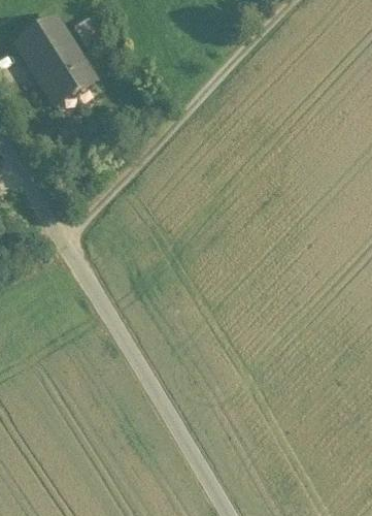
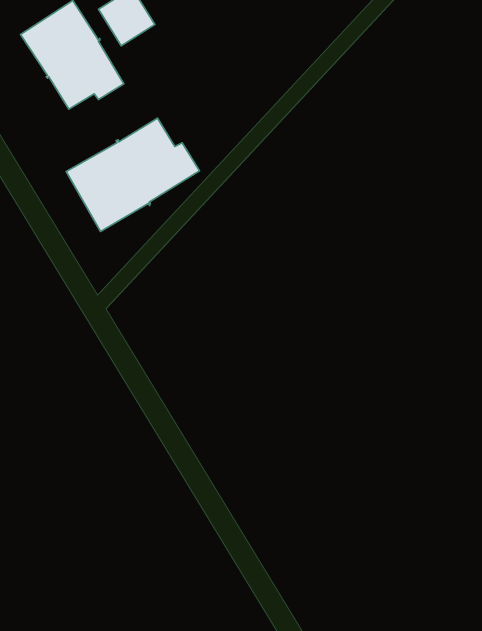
building: none -> [66,118,199,231]

